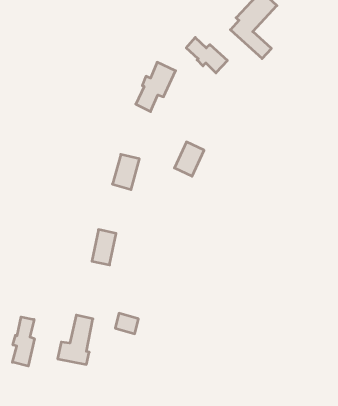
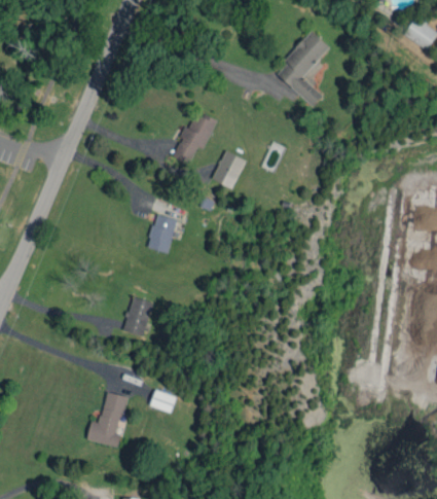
building: [186,37,227,73] -> none
building: [174,142,204,176] -> [213,149,246,187]
building: [12,317,34,366] -> none

